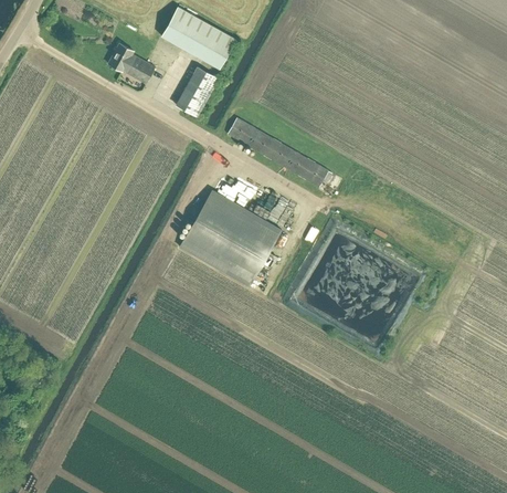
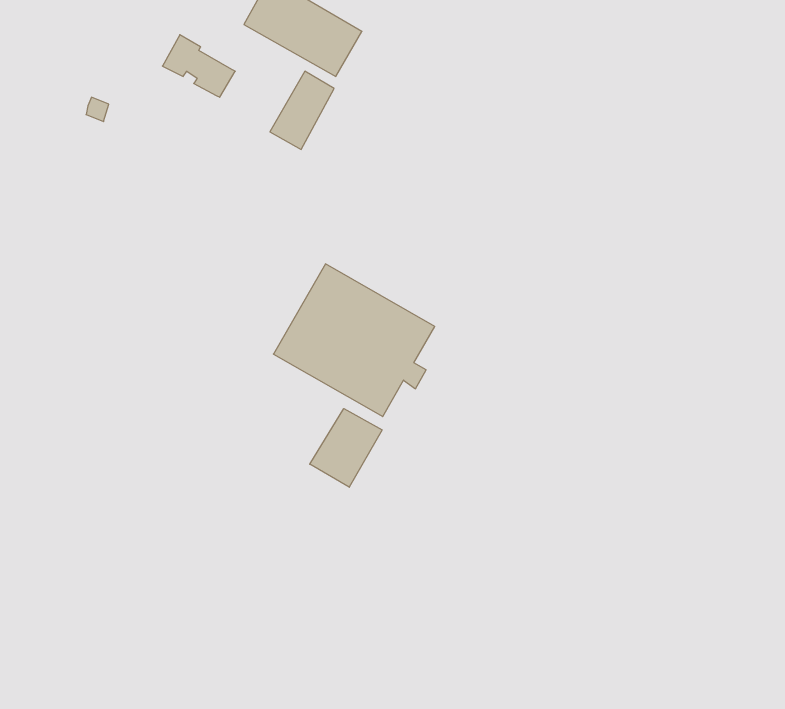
building: [224,117,330,188] -> none
building: none -> [310,409,382,487]

